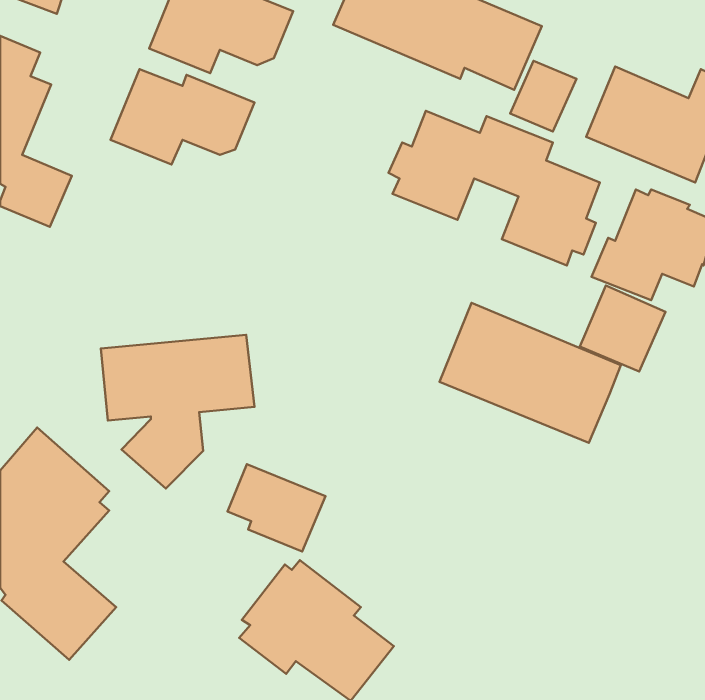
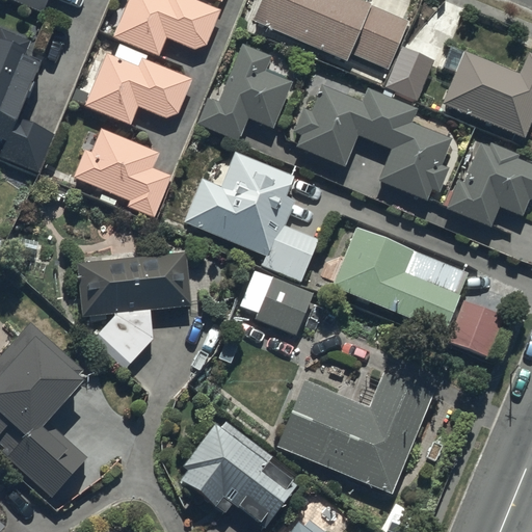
building: none -> [197,43,292,139]
building: none -> [73,127,171,216]
building: none -> [184,152,319,281]
building: [580,286,665,371] -> [440,296,504,361]
building: [228,464,326,551] -> [240,268,314,334]
building: none -> [276,372,433,494]

